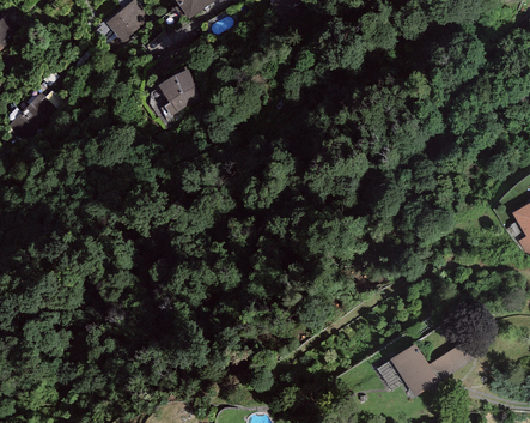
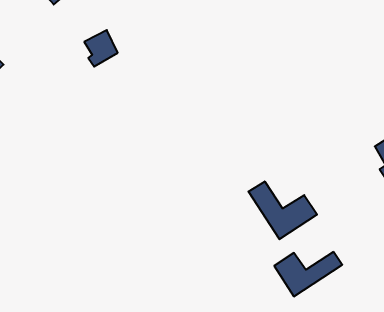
building: none -> [248,181,317,239]

